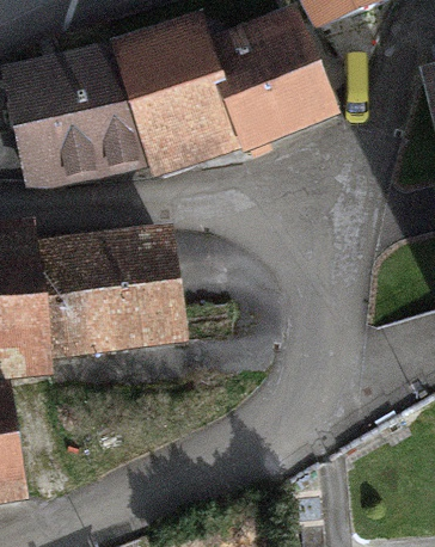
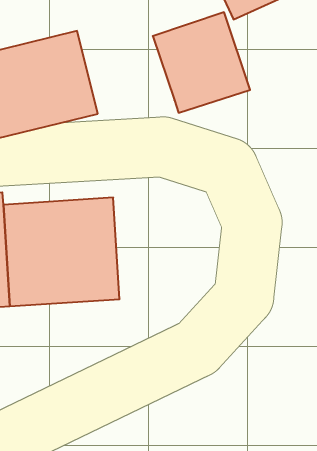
building: [125,25,238,155] -> none

